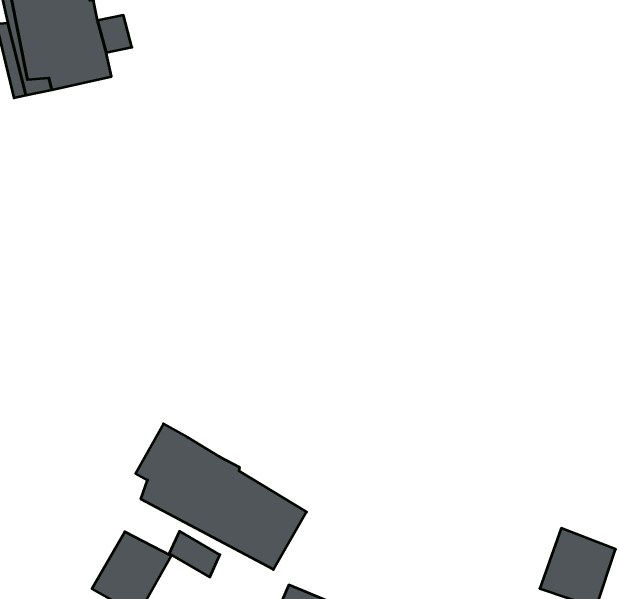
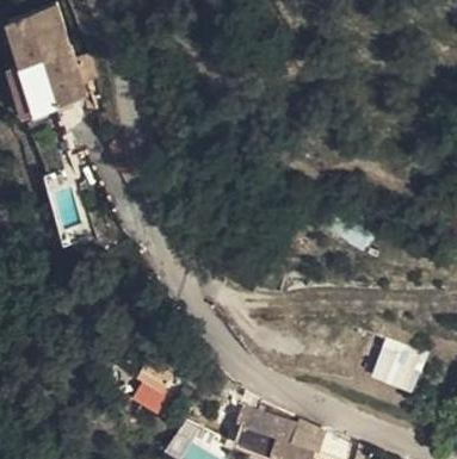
building: [136,424,307,570] -> none

